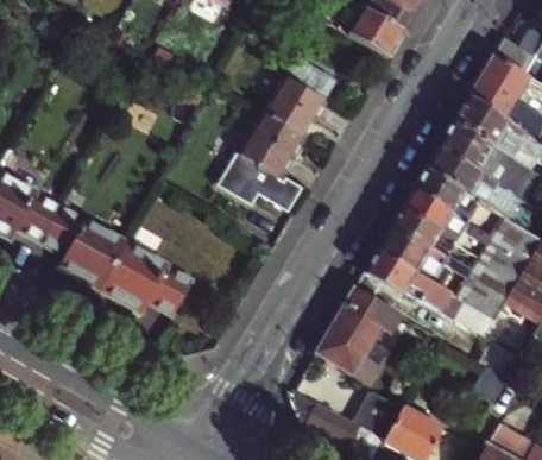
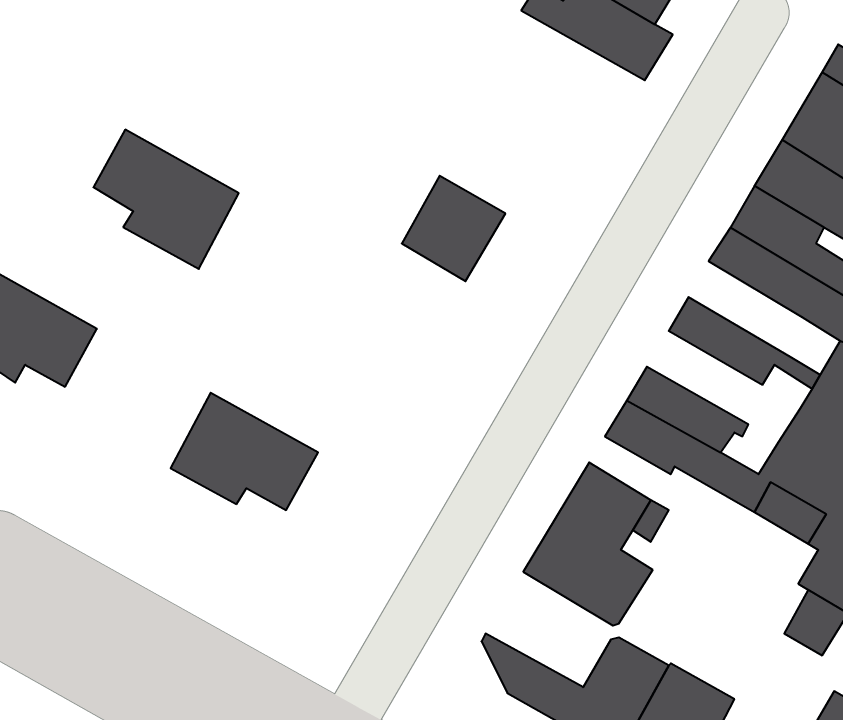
building: [265,57,339,138] -> none
building: [226,156,307,212] -> none
building: [414,166,481,223] -> none
building: [42,207,128,290] -> [93,130,239,269]
building: [389,208,480,275] -> none

